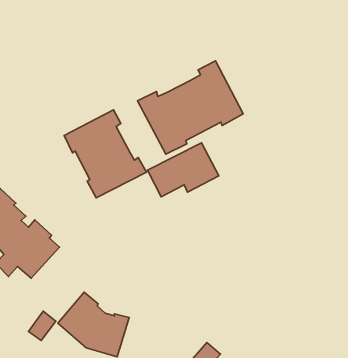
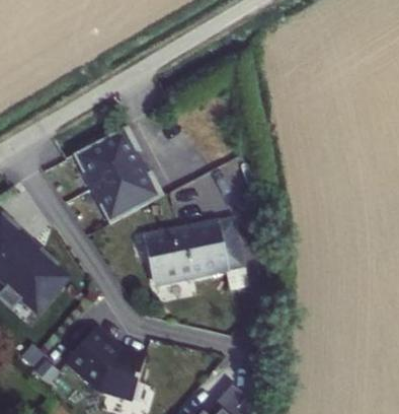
building: [138,61,243,154] -> none
building: none -> [144,220,266,288]

